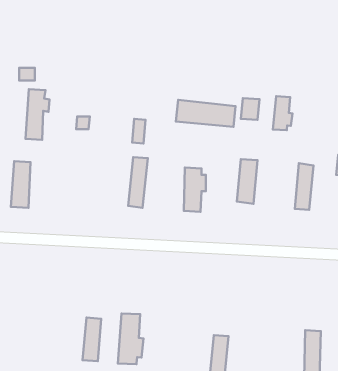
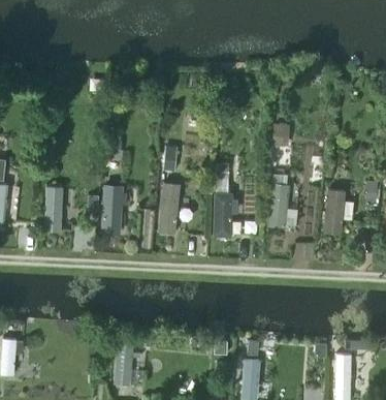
building: [26,89,49,140] -> [102,185,126,236]
building: [273,96,292,130] -> none
building: [176,100,235,127] -> none
building: [118,313,143,364] -> none

